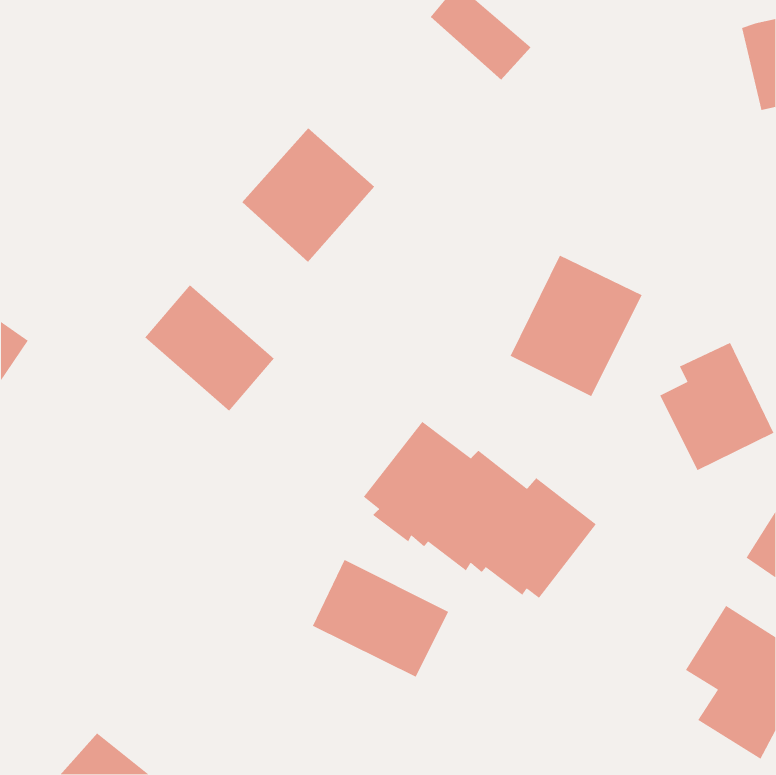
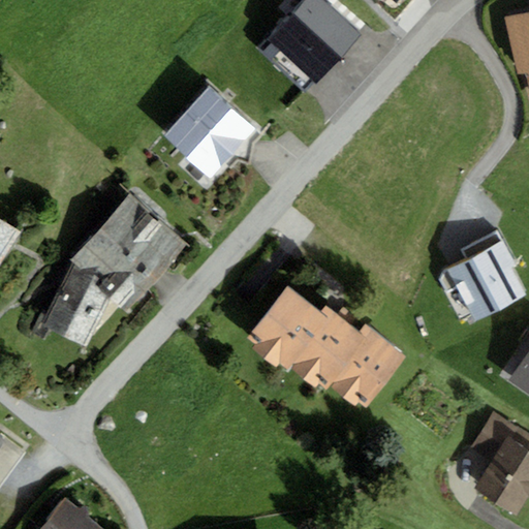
building: none -> [270,11,341,81]
building: [509,255,643,397] -> none
building: none -> [43,229,156,346]
building: [312,559,449,678] -> none

